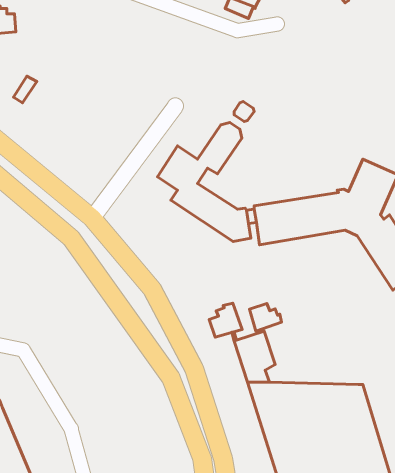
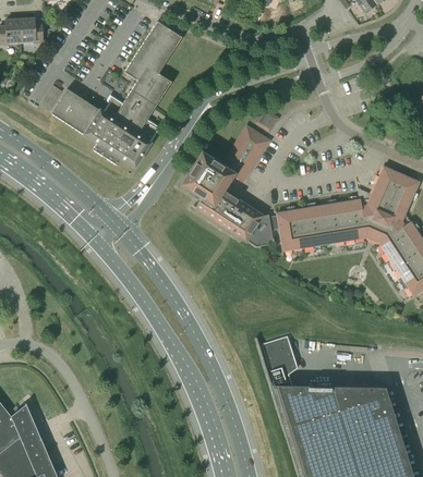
building: none -> [51,21,182,168]
building: [209,303,242,337] -> none
building: [250,303,282,331] -> none

